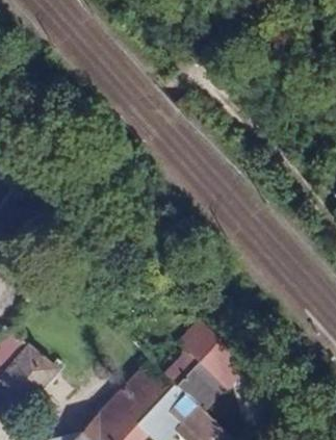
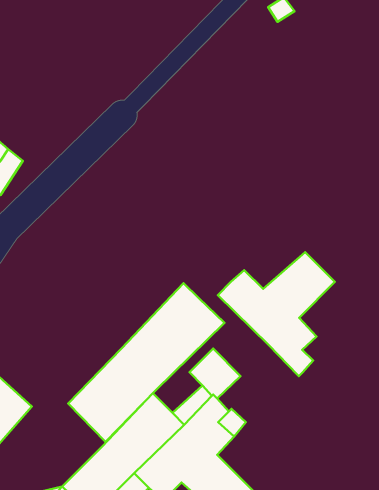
building: none -> [218,252,335,376]
building: none -> [68,283,224,442]

